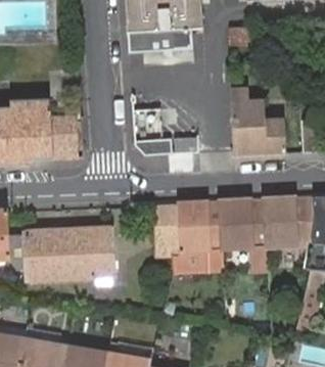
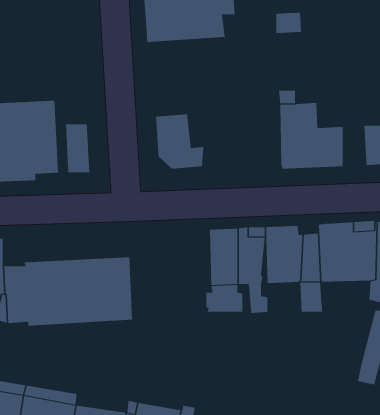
building: [154,204,179,256] -> none

